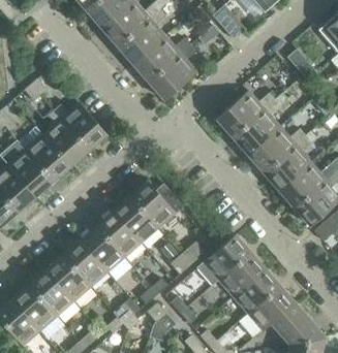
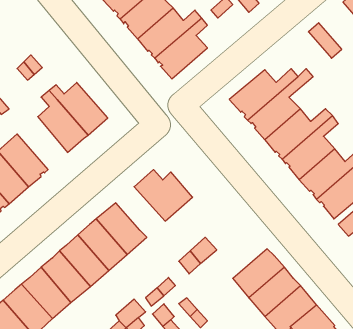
building: [25,134,70,182] -> none
building: [114,197,158,243] -> none
building: [197,235,250,286] -> none

